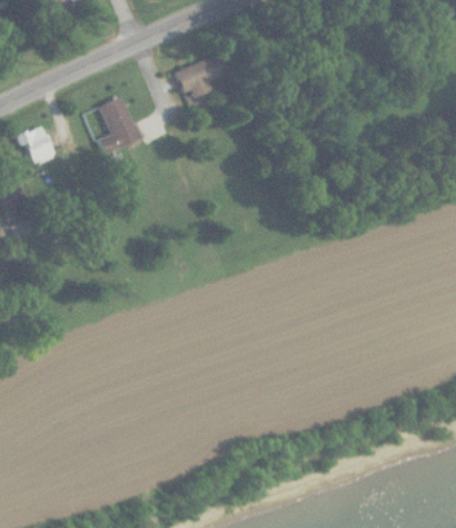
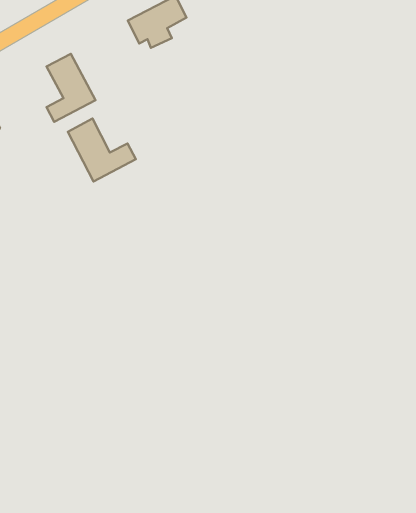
building: none -> [68,119,136,181]

